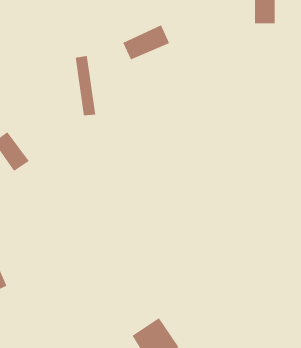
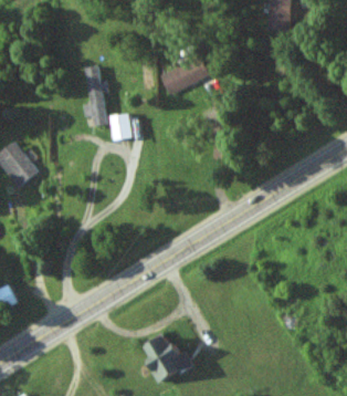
building: [122,24,170,61] -> [159,55,209,93]
building: none -> [109,113,129,138]

